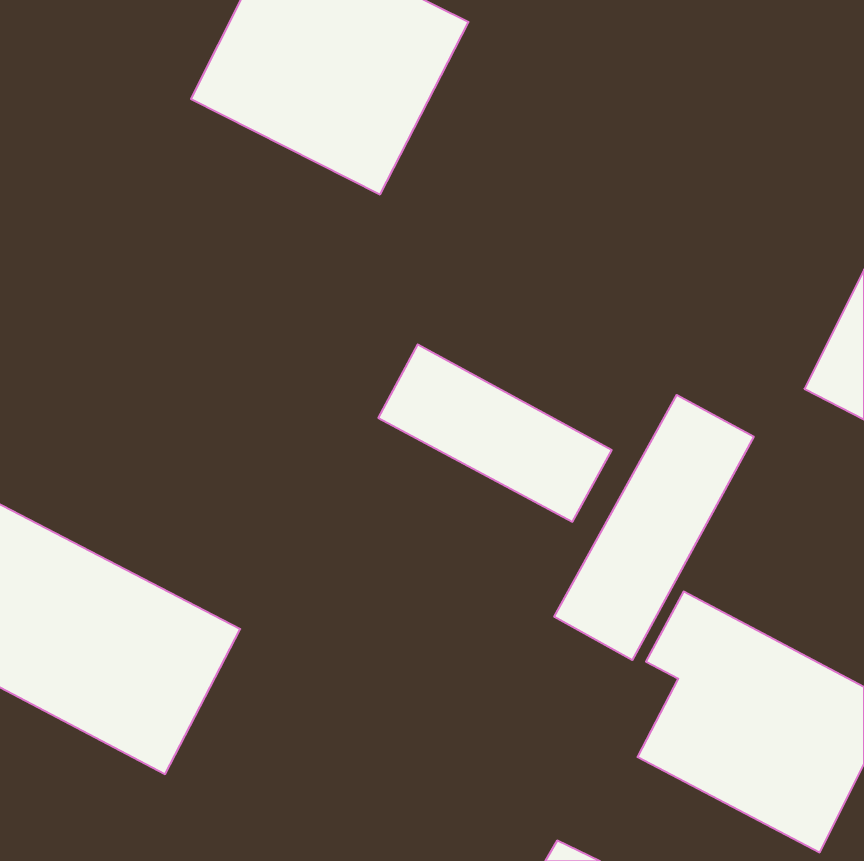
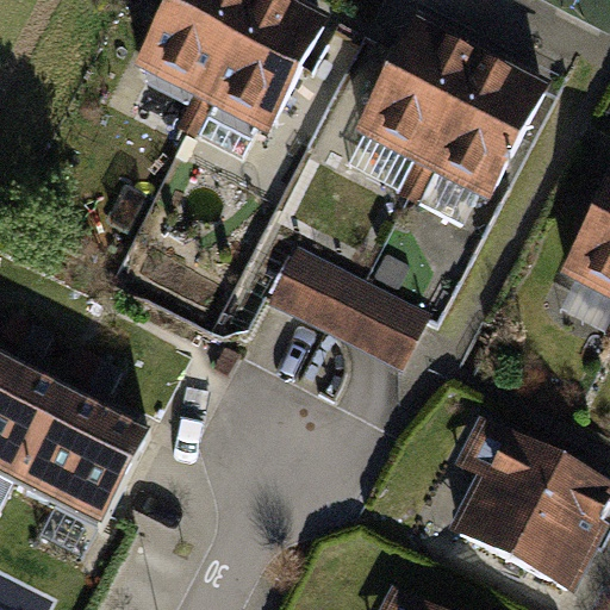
building: none -> [360,26,543,204]
building: [554,395,754,660] -> none

